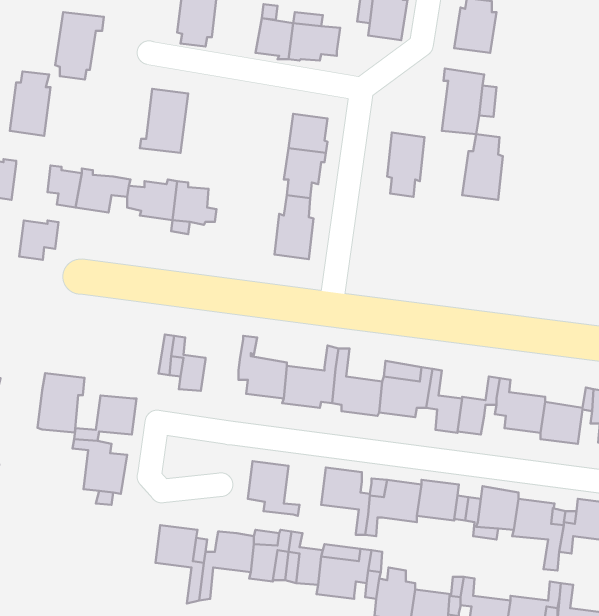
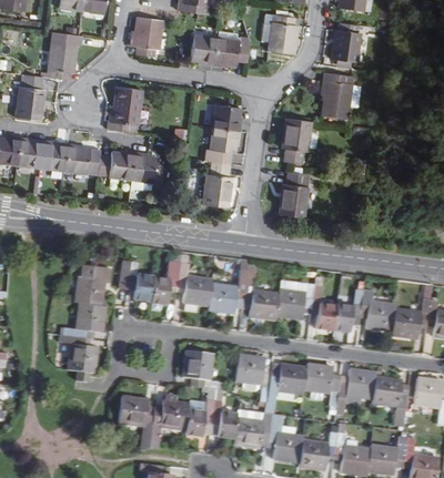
building: [462,134,503,200] -> [279,172,307,218]
building: [19,221,58,260] -> [17,140,44,167]
building: none -> [151,261,181,305]
building: [37,373,84,433] -> [77,264,110,306]

